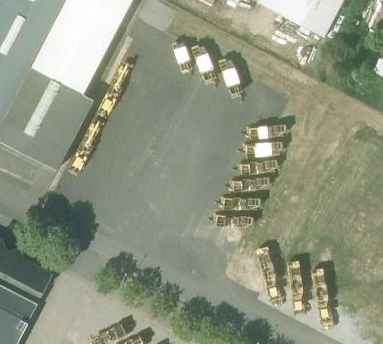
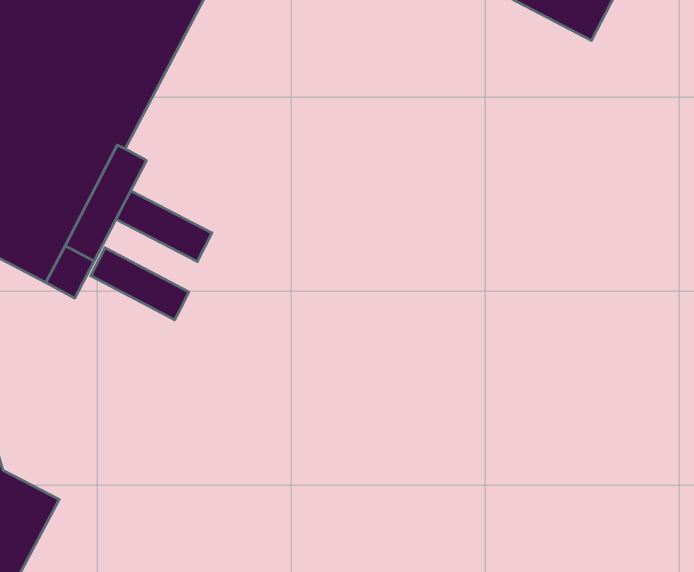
building: none -> [116,191,212,262]
building: none -> [91,248,189,320]

